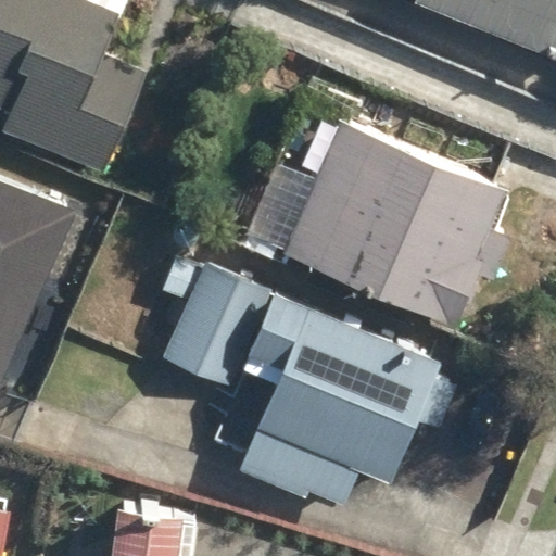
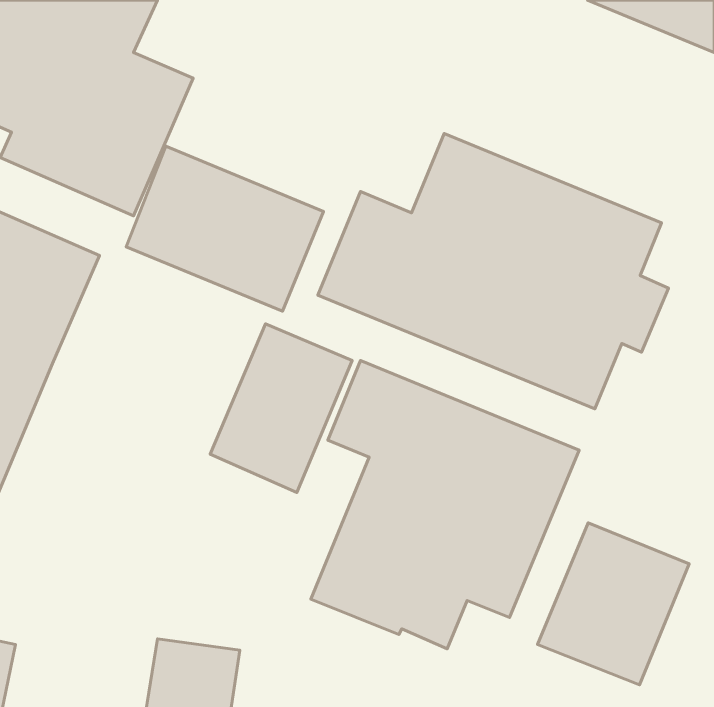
building: none -> [126,146,323,311]
building: none -> [538,523,689,685]

